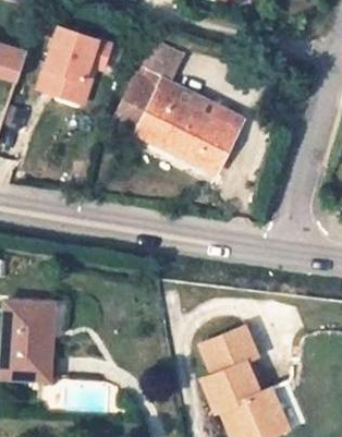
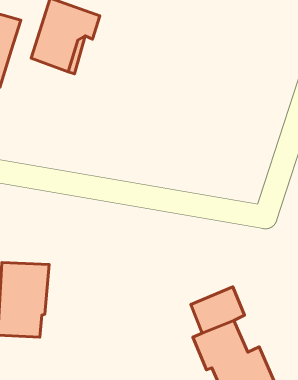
building: [115,46,237,170] -> none

